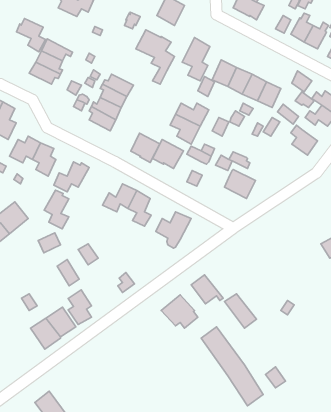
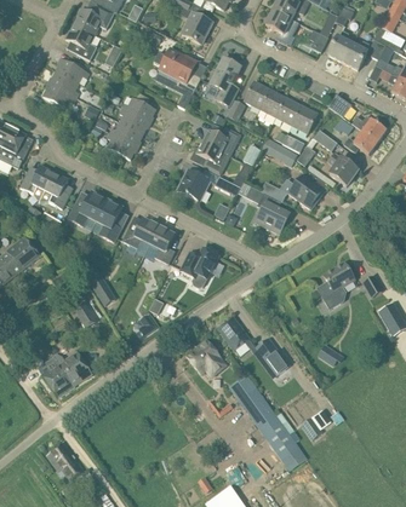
building: [17,18,45,52] -> [65,24,97,61]
building: [131,133,160,163] -> none
building: none -> [287,172,325,208]
building: [44,190,69,229] -> [96,198,122,241]
building: none -> [316,260,354,309]
building: [68,290,92,325] -> none

